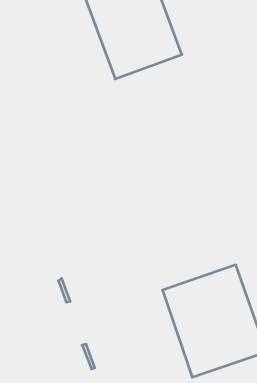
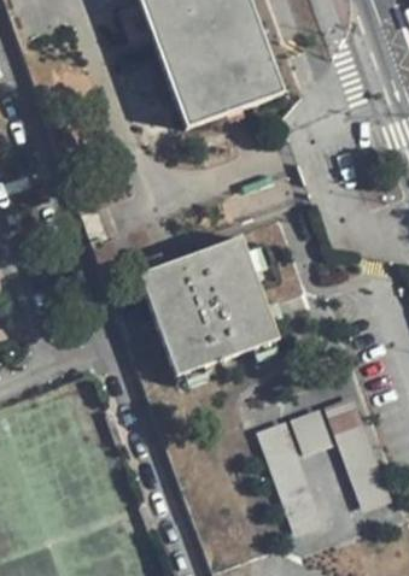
building: none -> [144,237,280,376]

